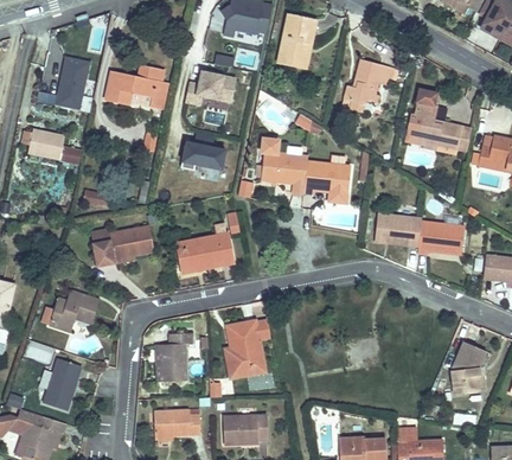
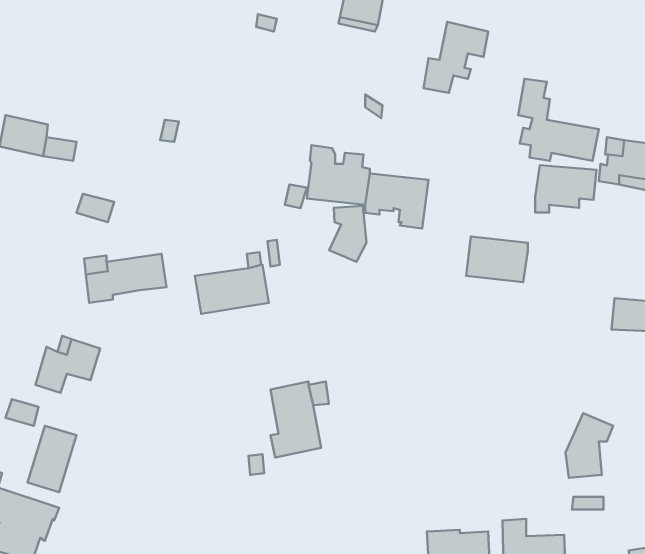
building: [57,53,90,108] -> none
building: [185,63,235,104] -> none
building: [101,66,162,109] -> none
building: [181,135,228,166] -> none
building: none -> [329,206,366,262]
building: [416,229,462,264] -> [535,165,597,213]
building: [160,333,193,381] -> none
building: [152,410,199,435] -> none
building: [223,414,268,445] -> none

